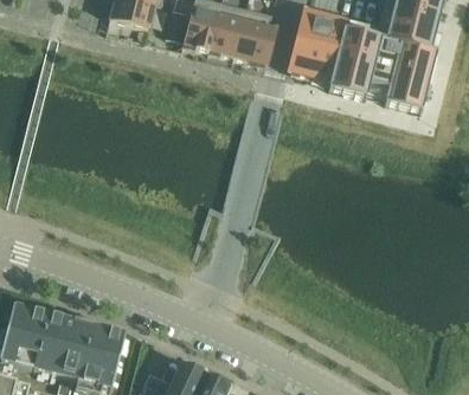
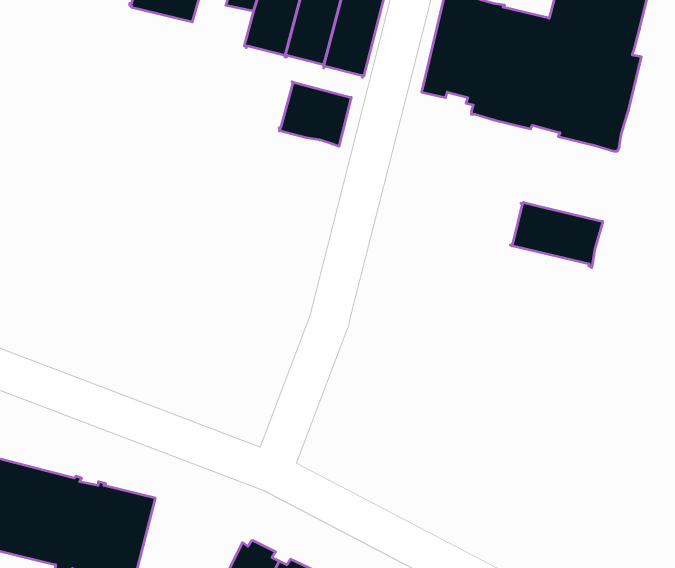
building: none -> [279,82,351,146]
building: none -> [510,202,603,268]

